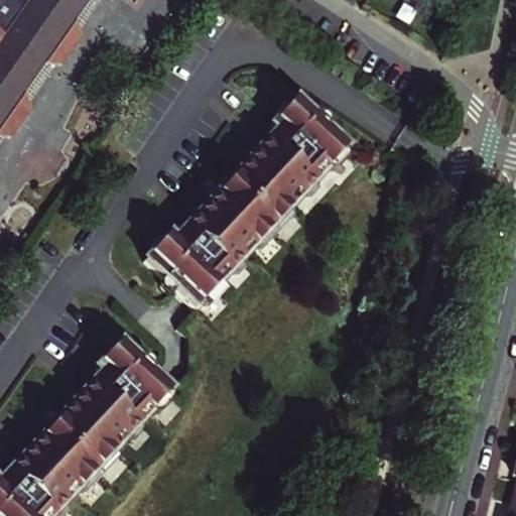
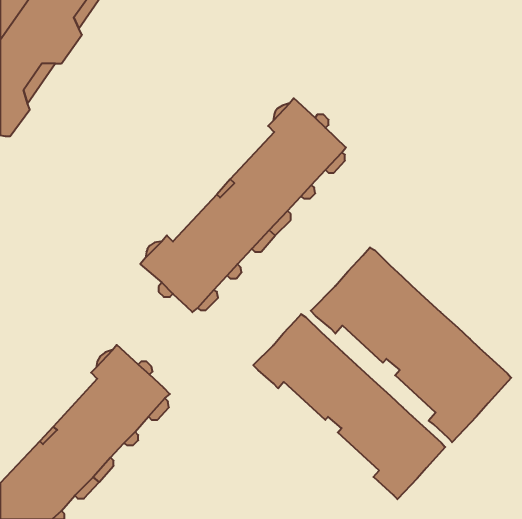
building: none -> [311,247,511,442]
building: none -> [253,314,445,499]

